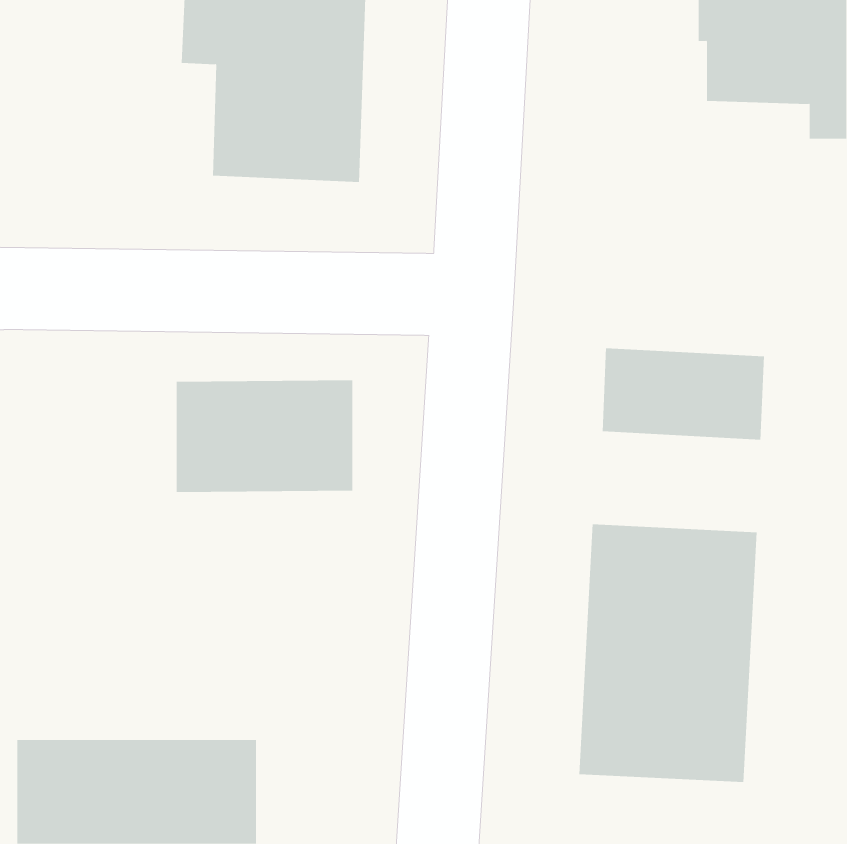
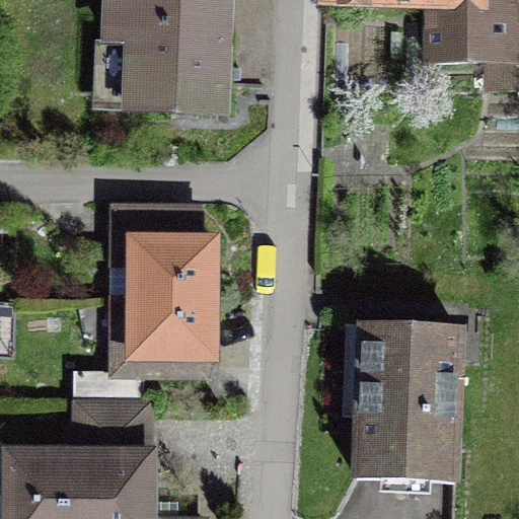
building: [602,347,764,440] -> none
building: none -> [107,300,217,368]

